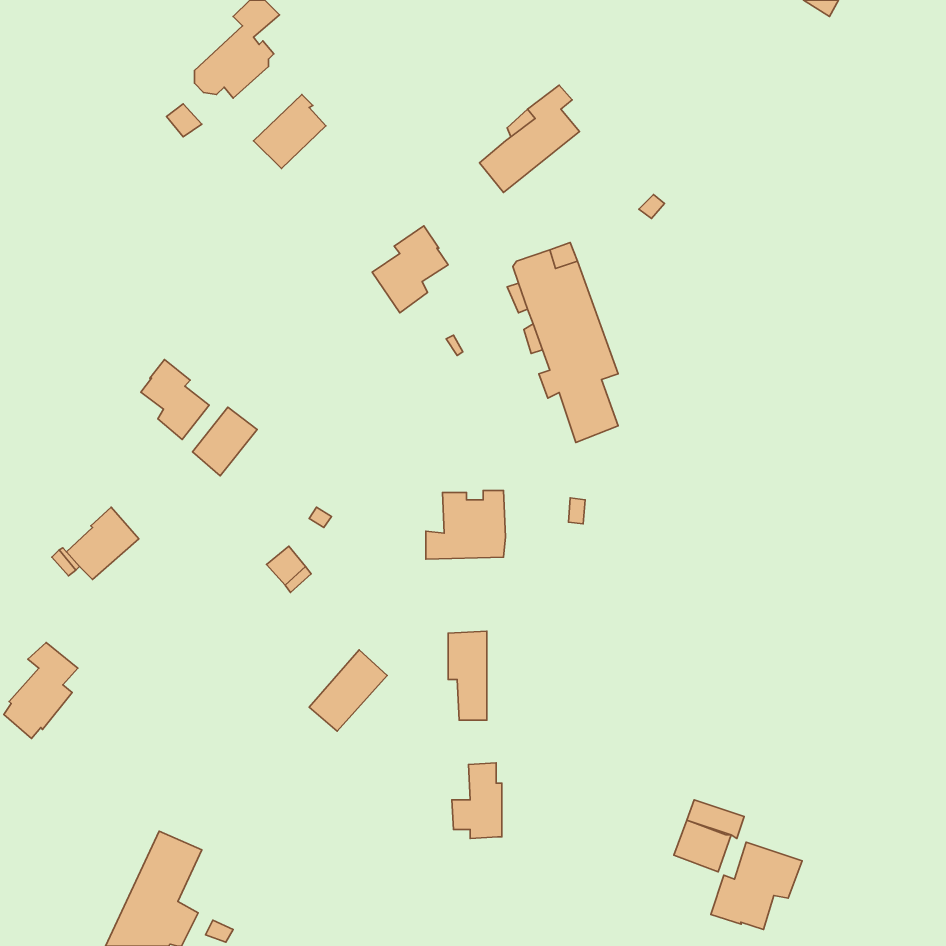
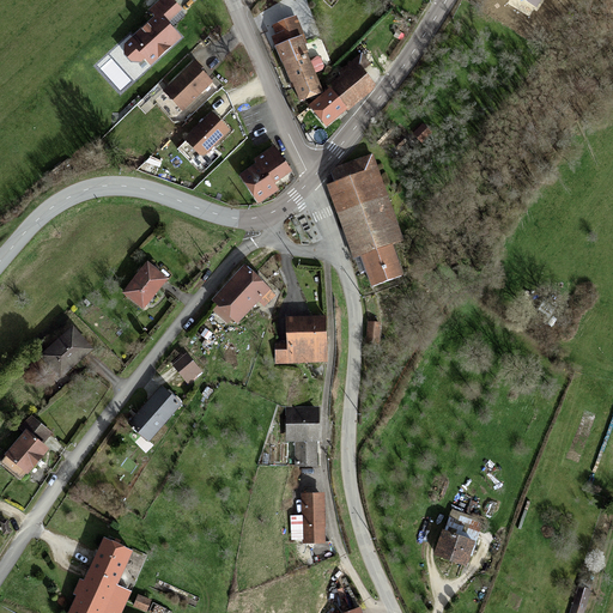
building: none -> [273,17,323,101]
building: none -> [184,113,229,154]
building: [141,359,209,439] -> none
building: none -> [213,266,274,322]
building: [309,650,387,731] -> [129,387,180,439]
building: [711,842,802,930] -> none

